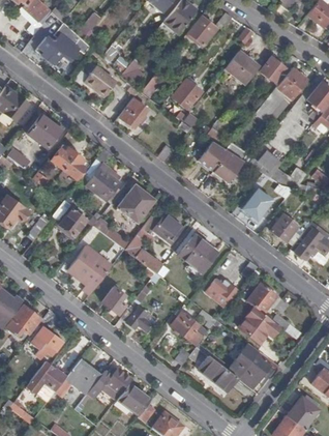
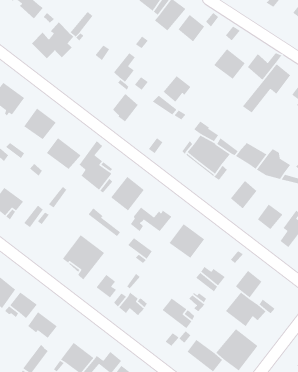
building: [84,65,117,95] -> none
building: [59,208,87,236] -> none

